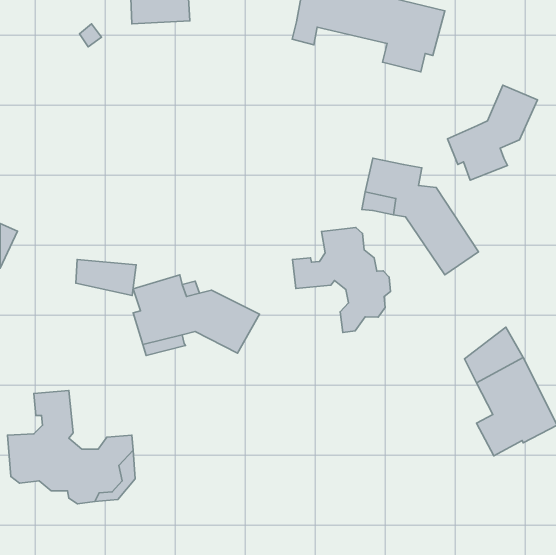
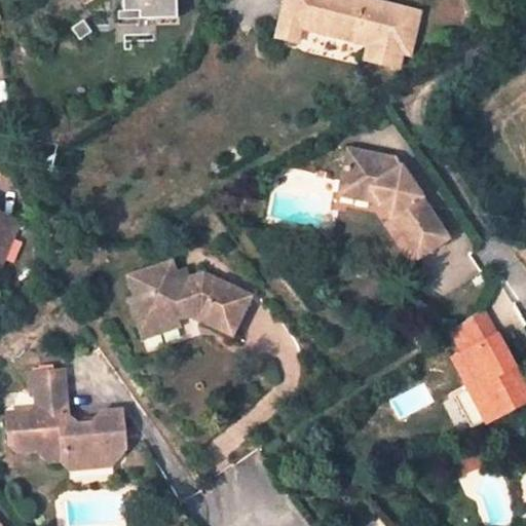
building: [447,85,537,180] -> none
building: [292,227,390,333] -> none
building: [76,260,136,296] -> none

